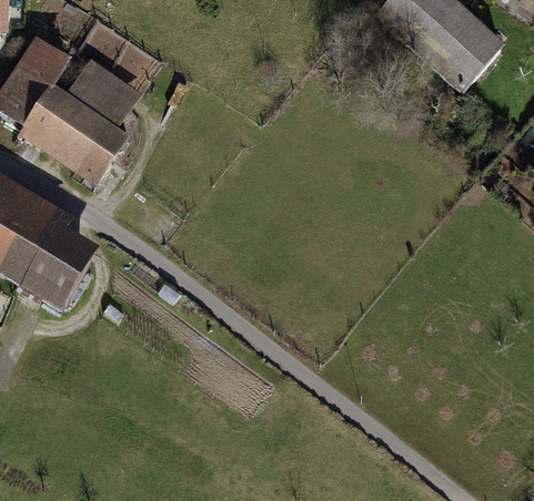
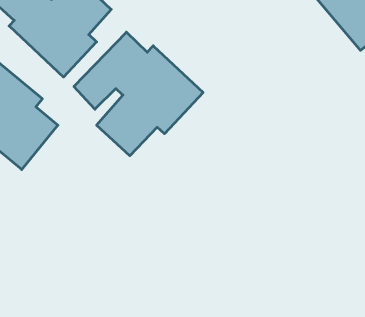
building: none -> [74,32,203,156]

